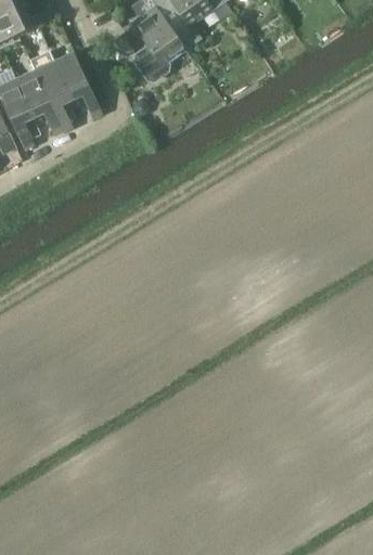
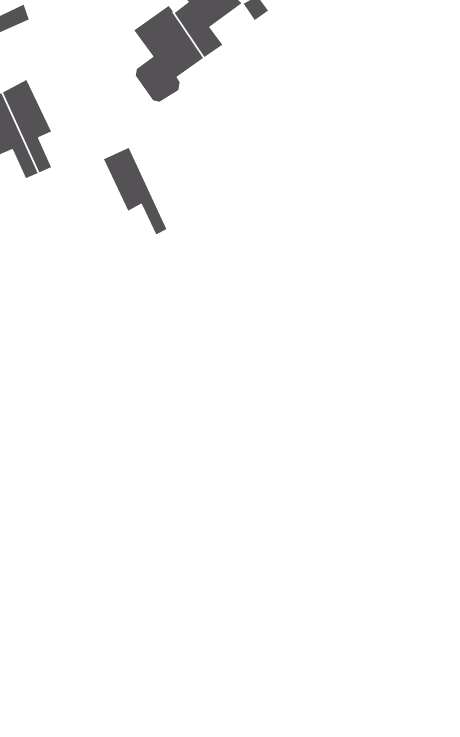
building: [54,51,102,116] -> [103,147,168,236]

